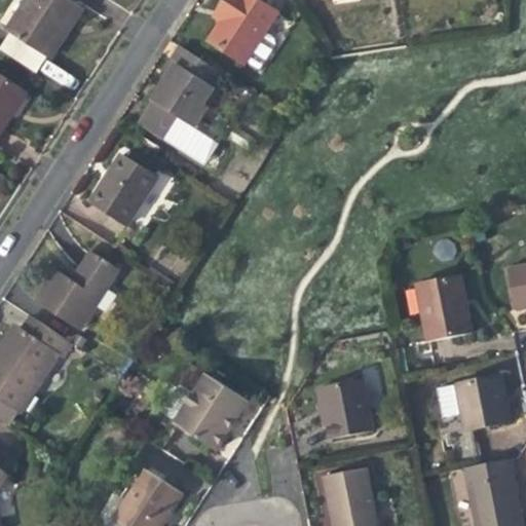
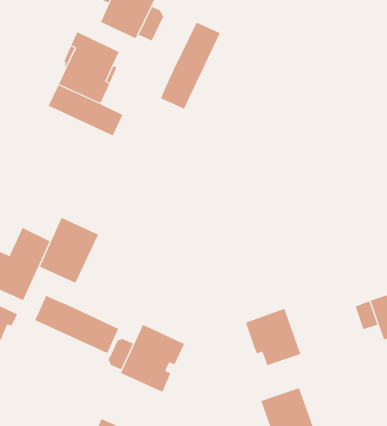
building: none -> [160,22,220,110]
building: [89,152,159,226] -> [39,217,99,283]
building: [415,274,472,342] -> none
building: none -> [35,295,119,354]

